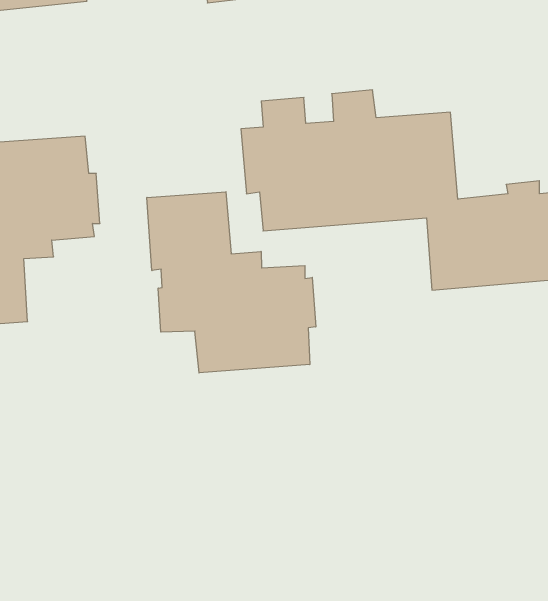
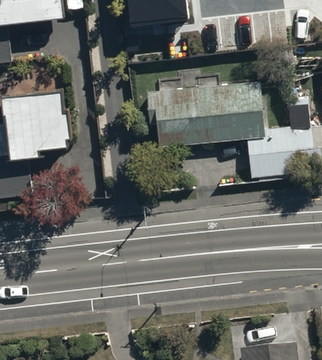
building: [147,192,316,373] -> none

